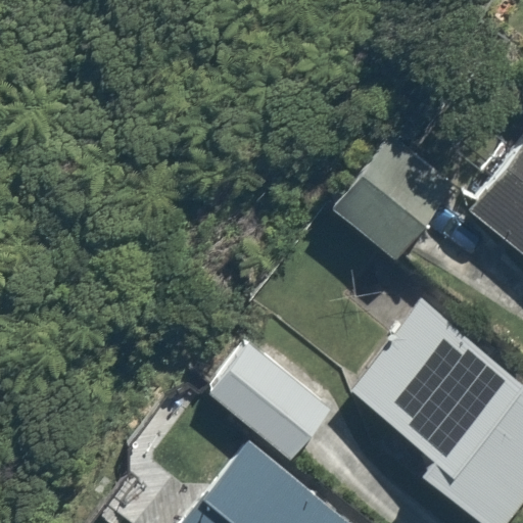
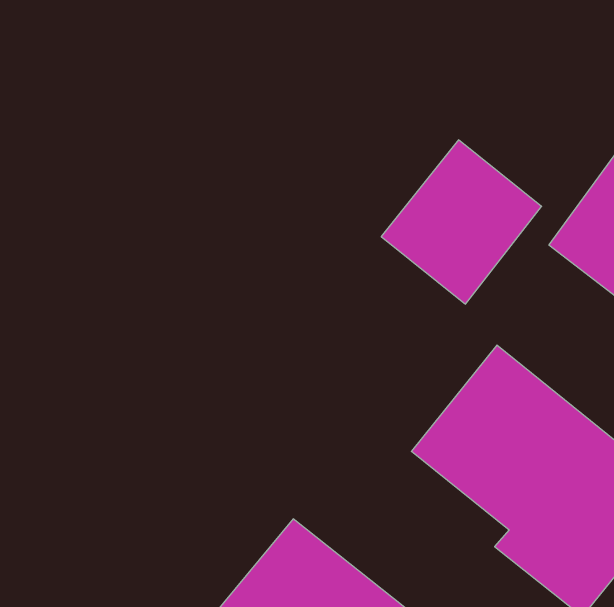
building: [207,341,334,461] -> none

